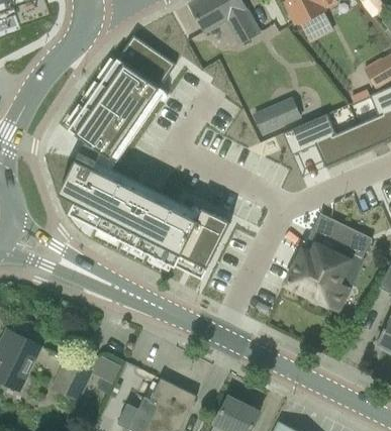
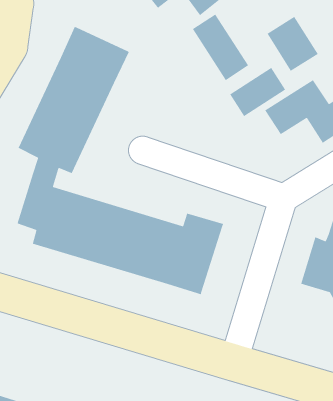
building: none -> [192,13,249,81]
building: none -> [267,16,319,72]

